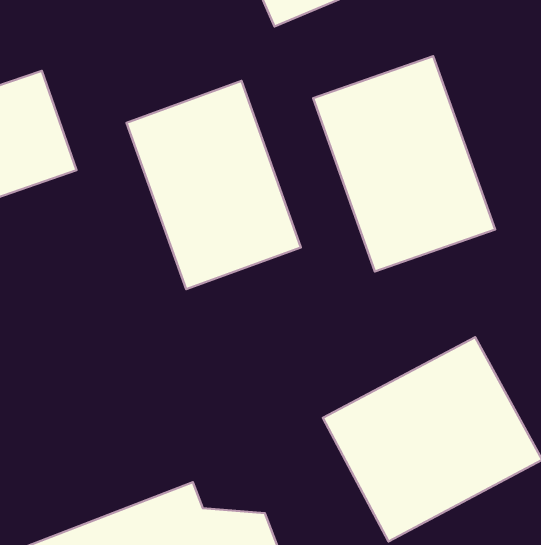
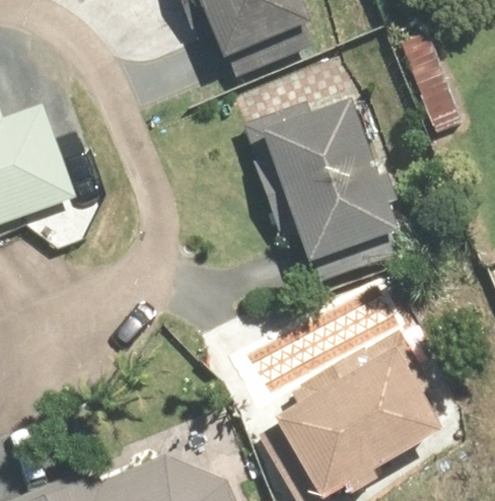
building: [127,81,301,289] -> none

